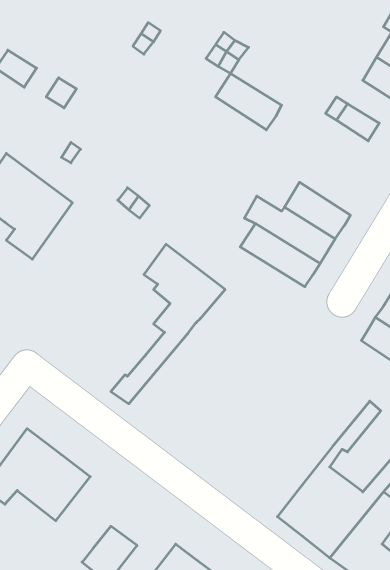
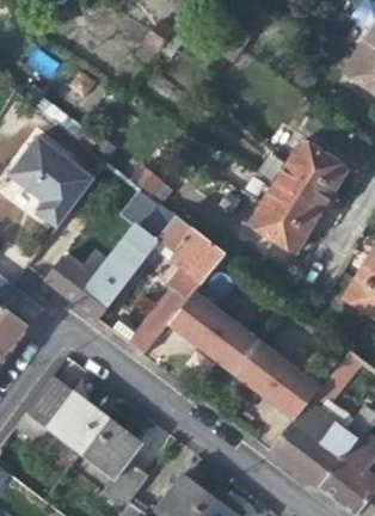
building: [216,74,282,130] -> [291,140,349,189]
building: none -> [47,202,176,318]
building: none -> [167,291,320,423]
building: none -> [80,416,142,478]

